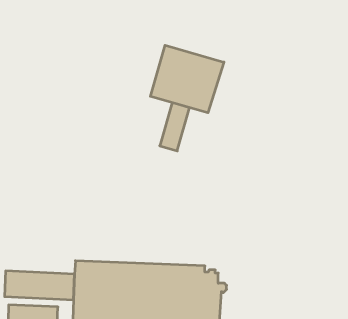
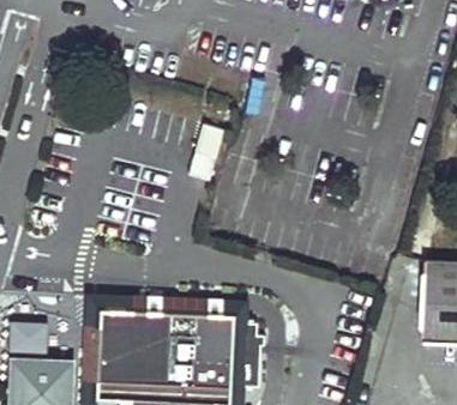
building: [150,45,224,113] -> none

